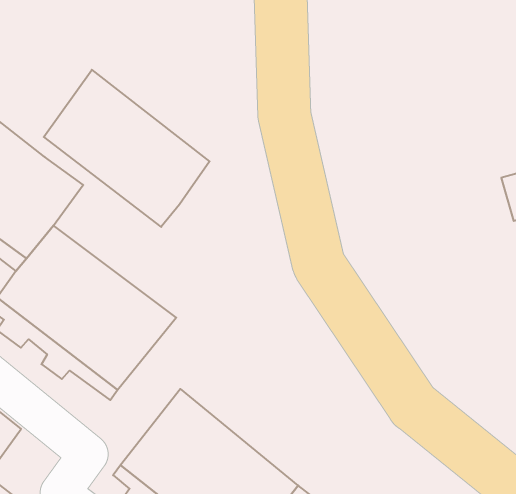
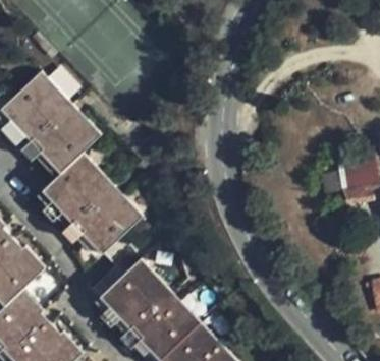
building: [44,70,210,227] -> none

